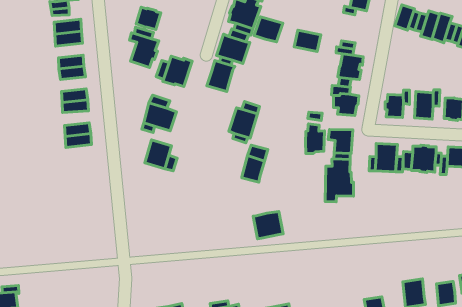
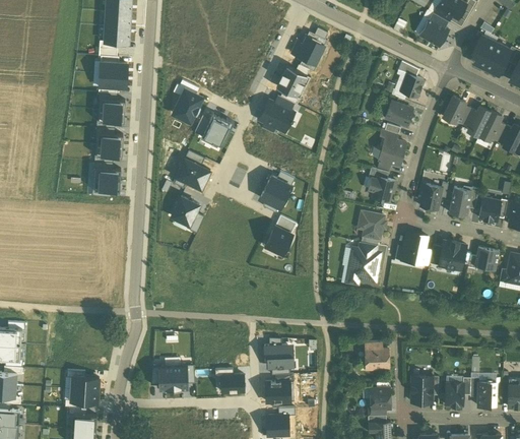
building: [136,7,161,29] -> none
building: [254,17,283,42] -> none
building: [294,30,321,52] -> [384,102,412,126]
building: [207,61,235,92] -> none
building: [305,124,325,154] -> none
building: [253,211,283,239] -> [265,343,292,368]
building: none -> [365,349,387,368]

